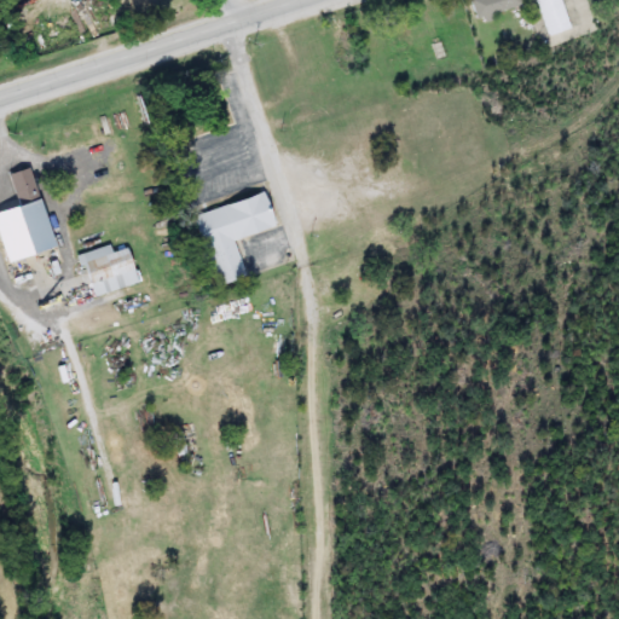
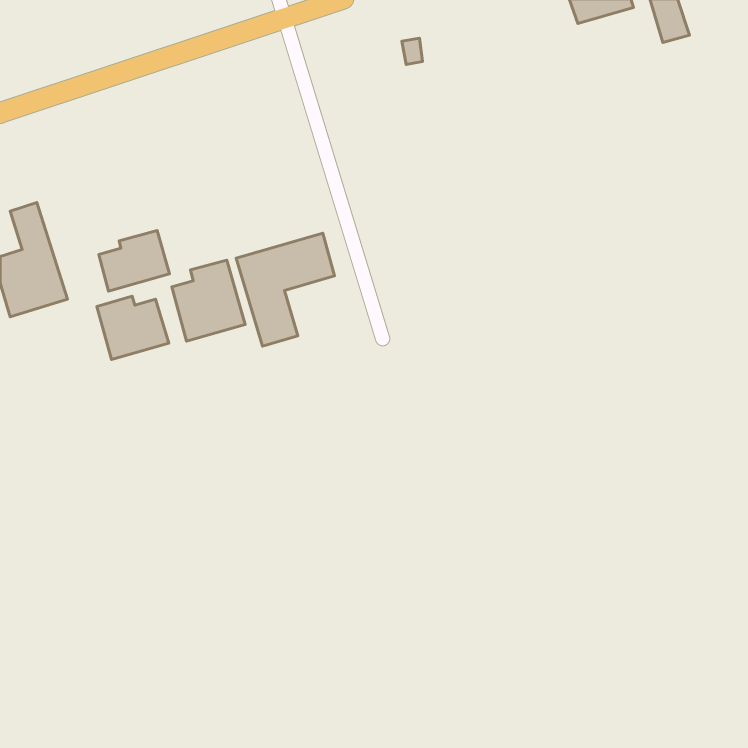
building: none -> [99,230,170,291]
building: none -> [172,260,245,341]

